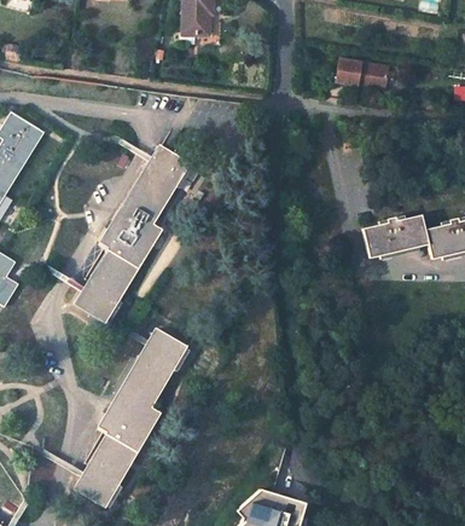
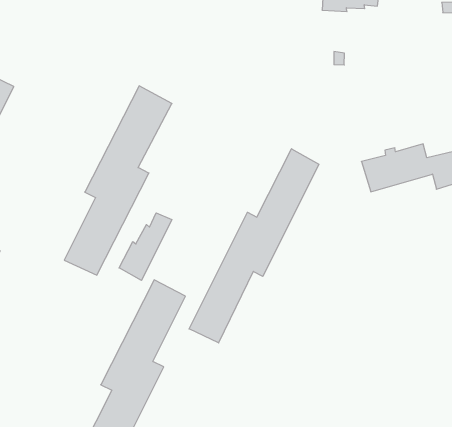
building: none -> [189,149,319,343]
building: none -> [119,213,172,280]

